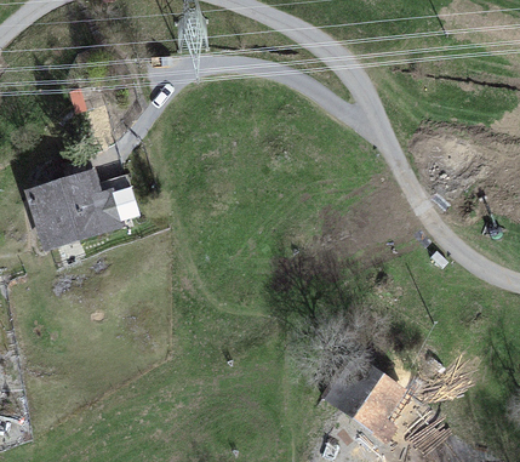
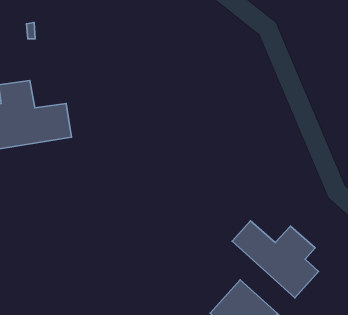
building: none -> [232,221,319,298]

